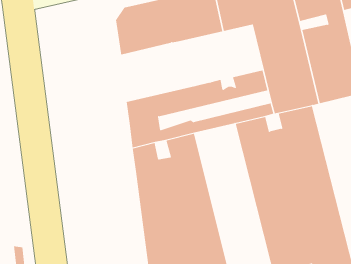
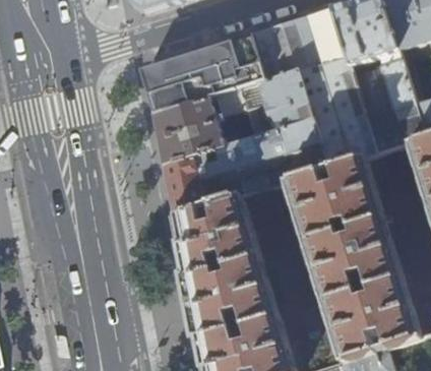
building: none -> [152,72,311,166]

